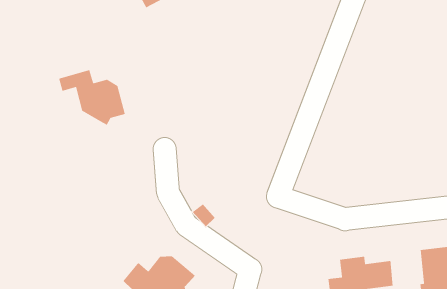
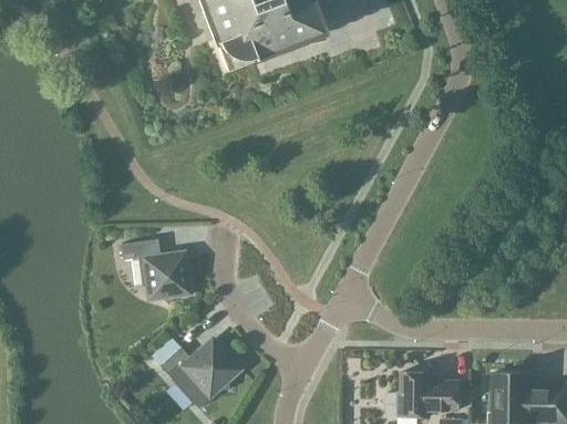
building: [58,69,126,126] -> [122,239,192,304]

